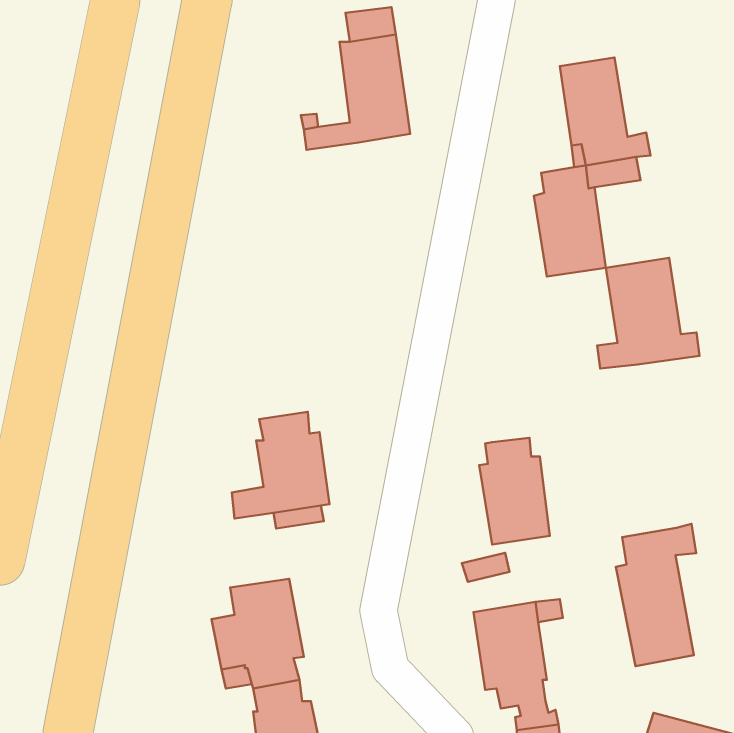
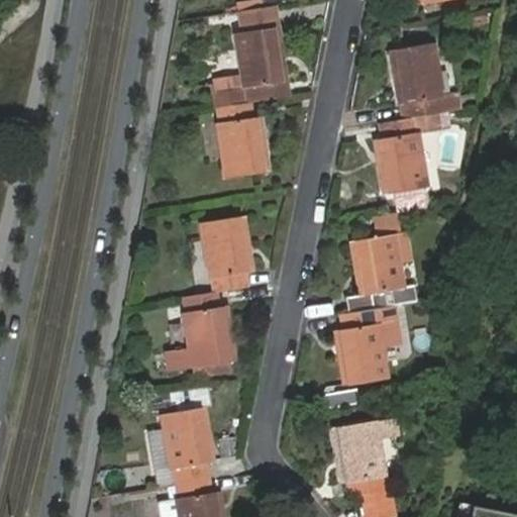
building: none -> [214,102,267,178]
building: [597,258,699,369] -> [344,234,416,312]
building: none -> [204,215,252,291]
building: [616,524,696,666] -> none

